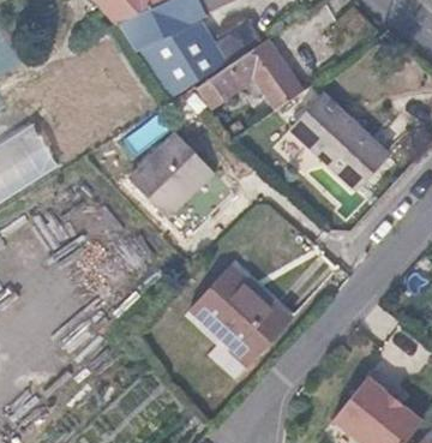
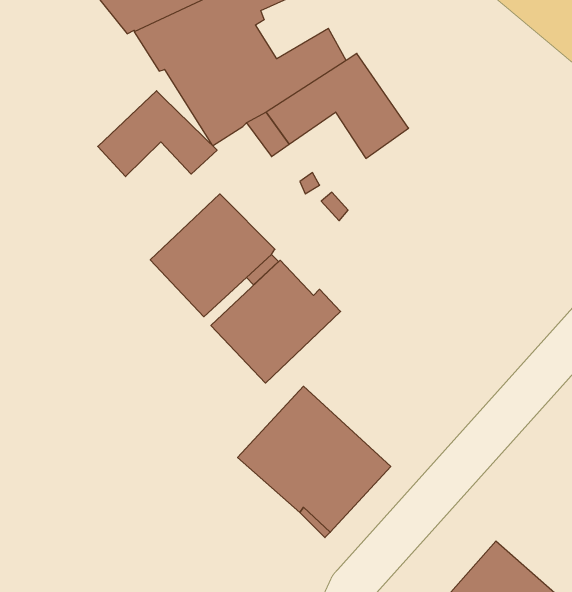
building: none -> [98,91,217,177]
building: [290,92,389,188] -> none
building: none -> [211,260,341,383]

